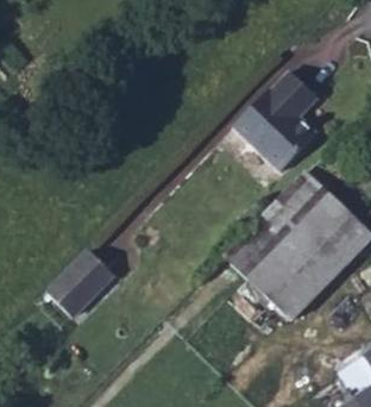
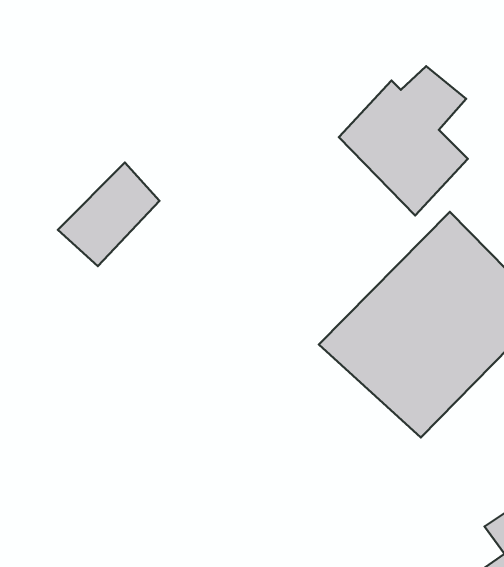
building: [49,237,115,305] -> [58,162,159,266]

